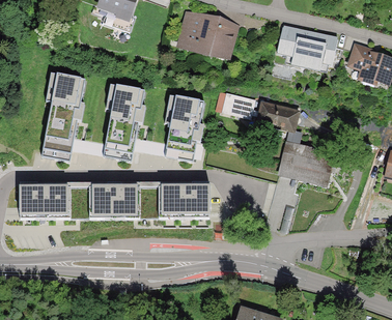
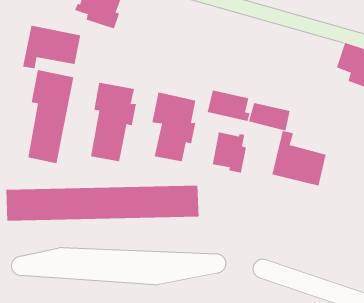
building: [173,9,239,62] -> none
building: [274,23,337,75] -> none
building: none -> [23,25,81,69]
building: none -> [212,132,246,173]

